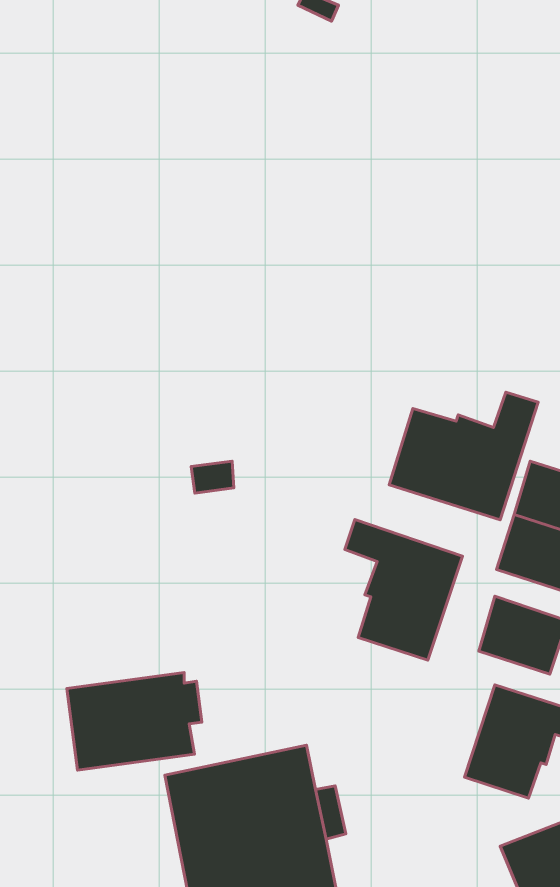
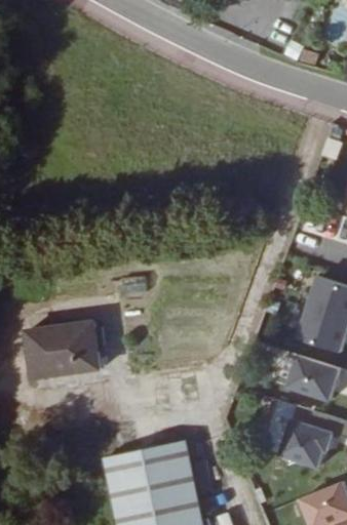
building: [389,392,538,520] -> none
building: [345,520,463,660] -> none
building: [67,672,202,770] -> [26,322,104,378]

